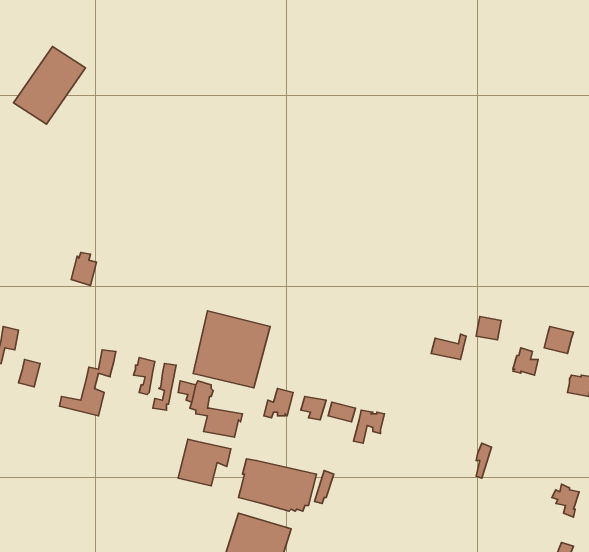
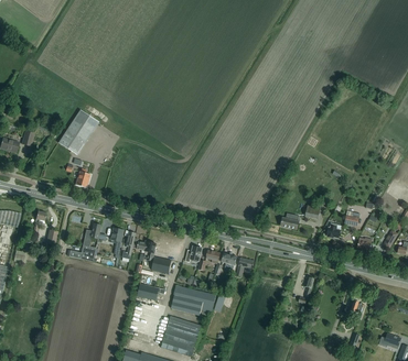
building: [14,46,86,124] -> [58,110,99,154]
building: [193,311,270,388] -> none

